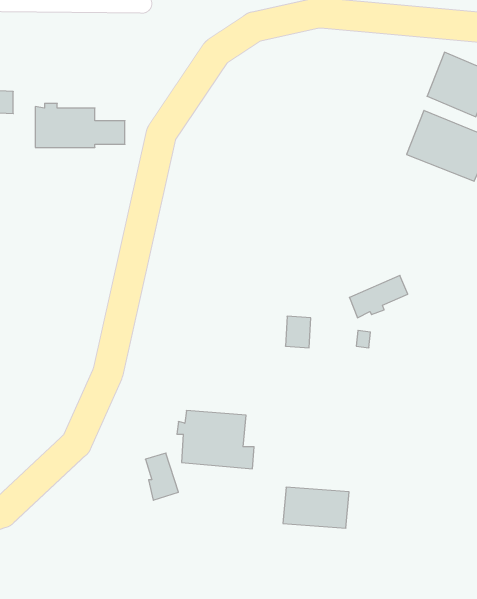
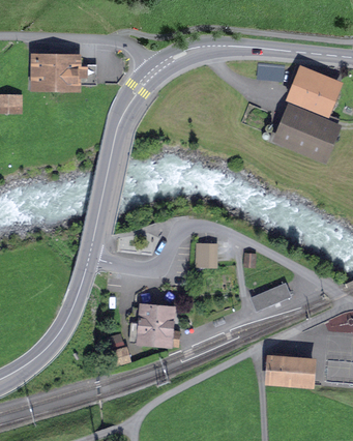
building: [35,103,125,147] -> [36,56,95,85]
building: [349,275,408,318] -> [252,283,290,311]
building: [283,487,349,528] -> [269,357,313,384]

